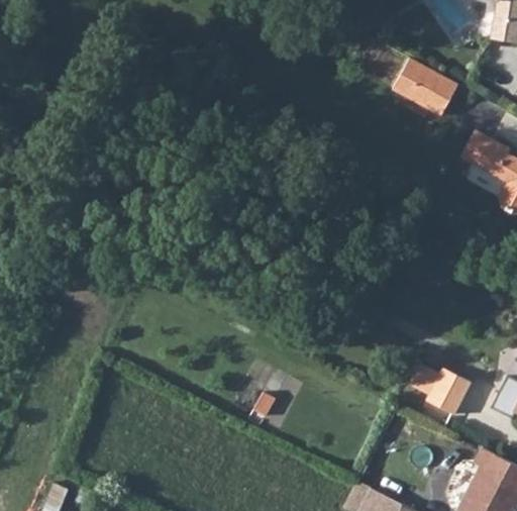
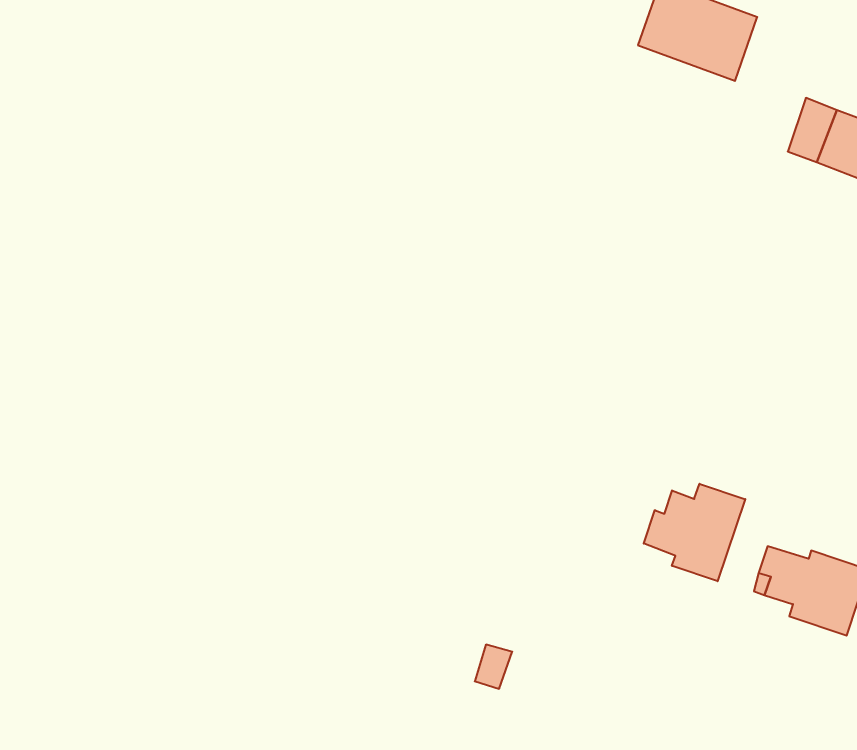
building: none -> [644,484,745,581]

